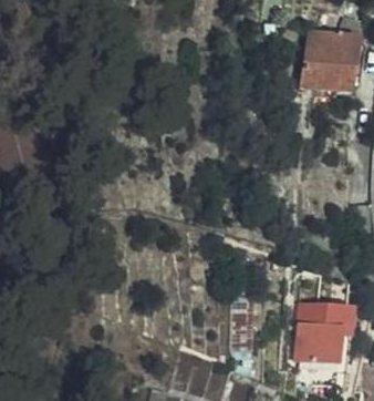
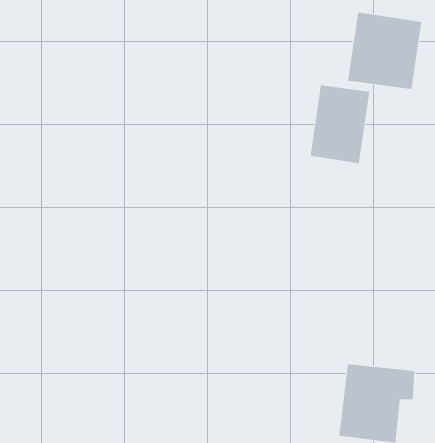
building: none -> [310,85,370,164]

